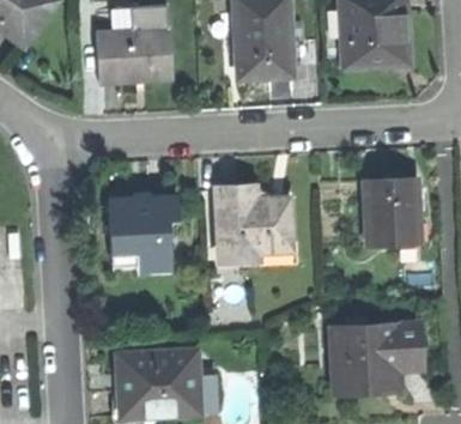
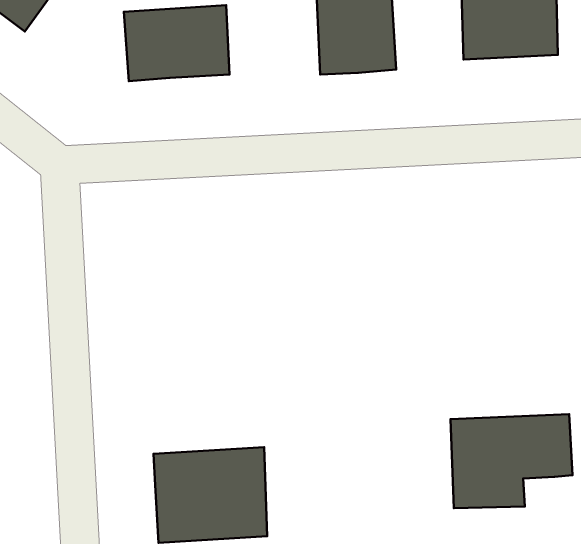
building: [363,177,421,246] -> none
building: [217,186,293,261] -> none
building: [111,194,180,269] -> none

